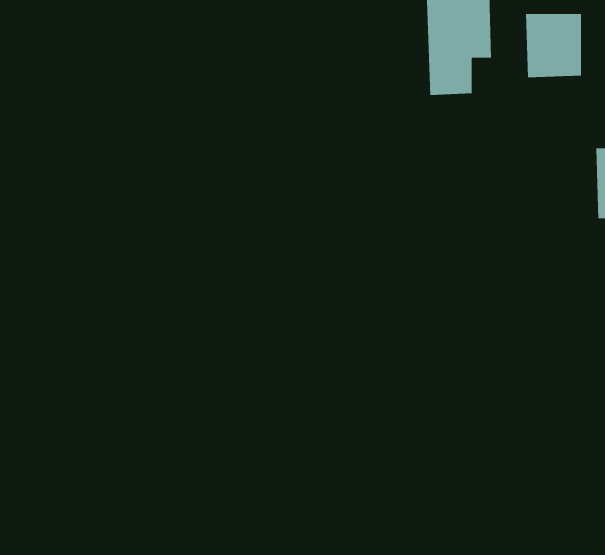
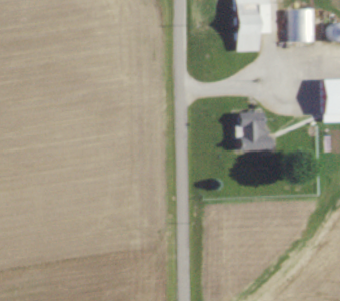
building: none -> [238,112,271,150]

